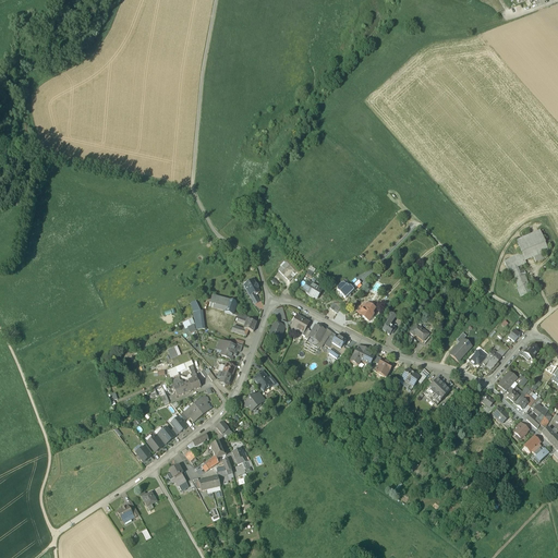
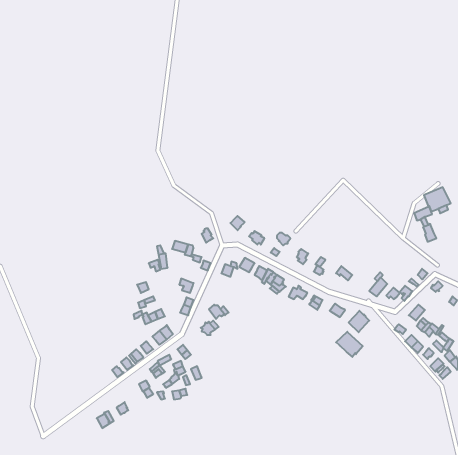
building: none -> [336,332,363,357]

